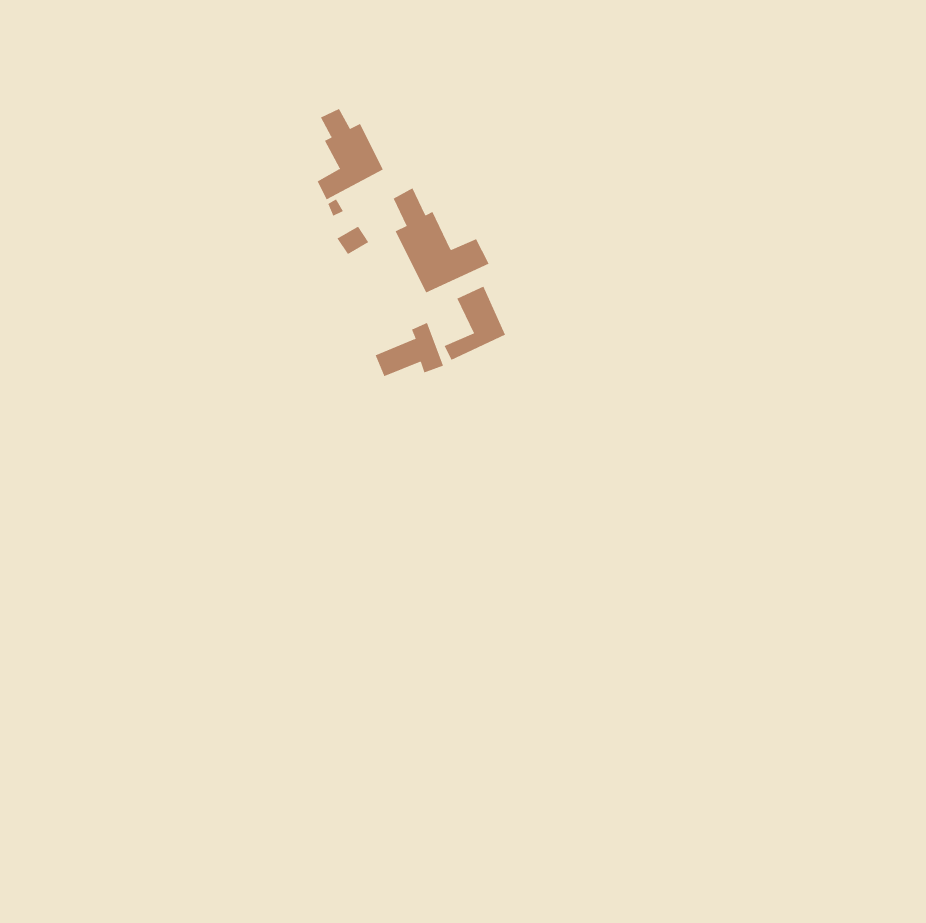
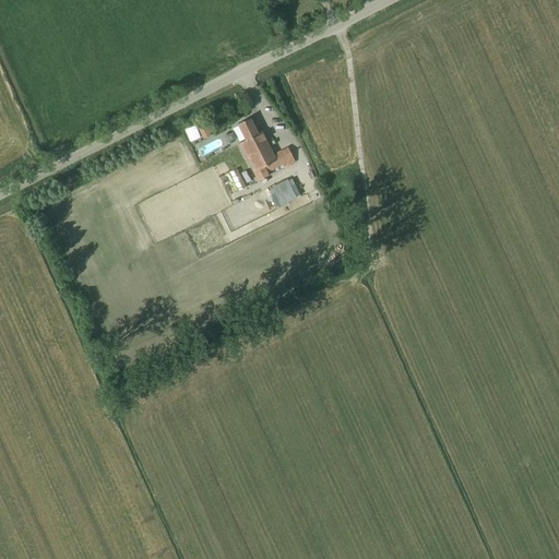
building: [317,108,383,200] -> none

